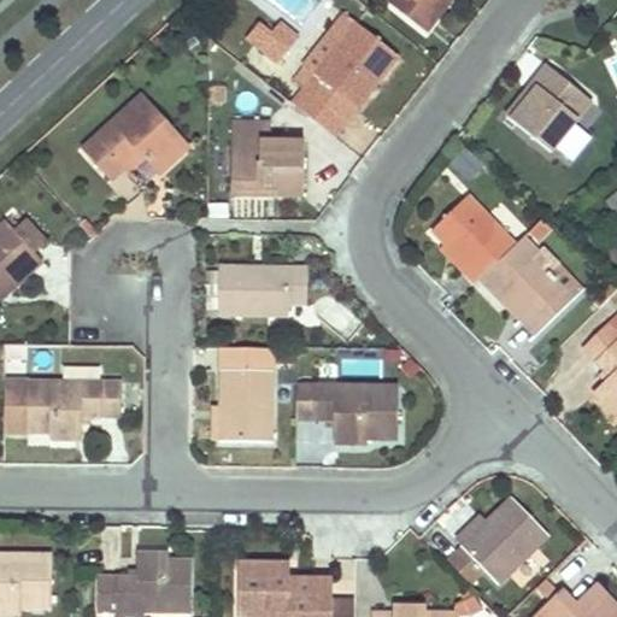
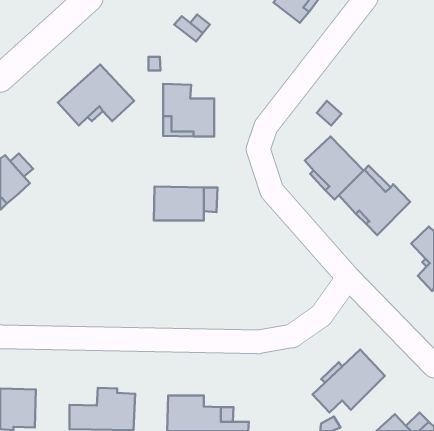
building: [293,8,399,133] -> none
building: [495,63,593,164] -> none
building: [221,346,274,440] -> none
building: [5,380,119,439] -> none
building: [296,382,398,442] -> none

